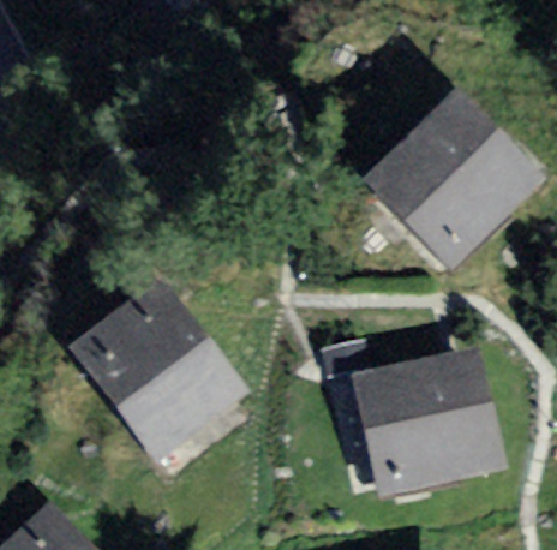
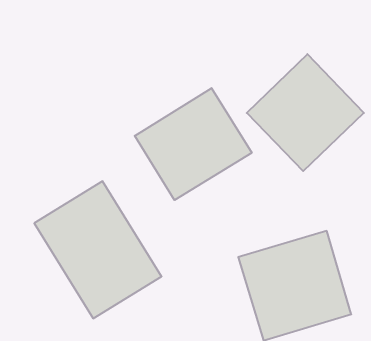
building: none -> [135,88,252,200]

